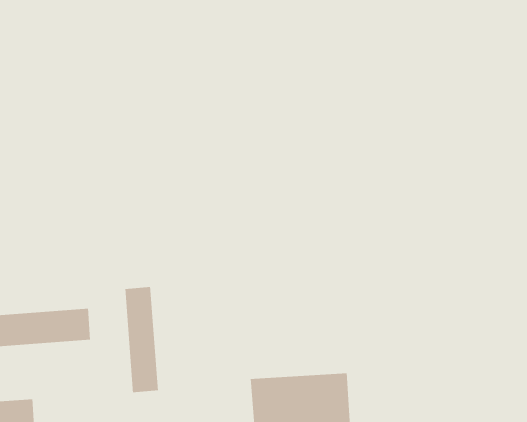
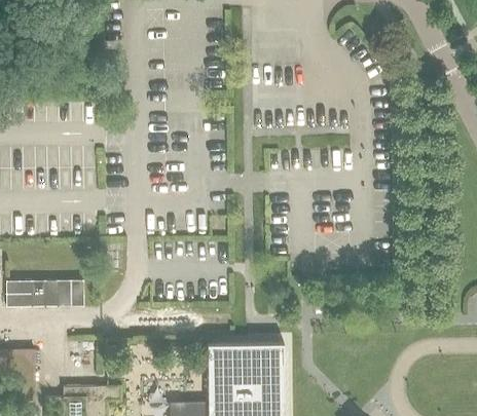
building: [124,286,159,393] -> none

